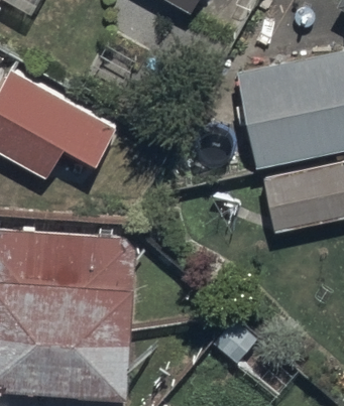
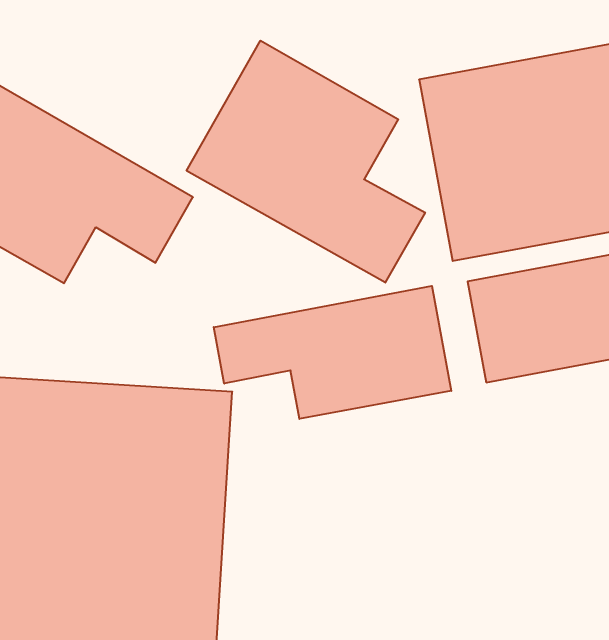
building: none -> [187,41,425,283]
building: none -> [214,286,451,419]

